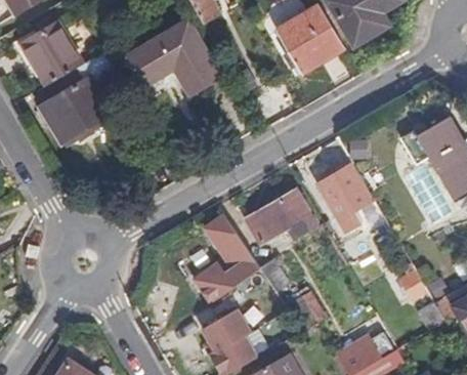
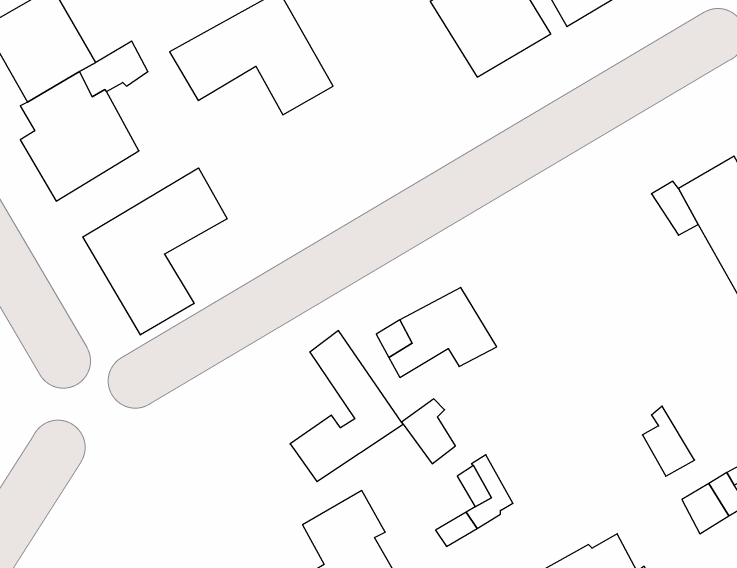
building: none -> [83,168,227,335]
building: [316,164,374,232] -> none

